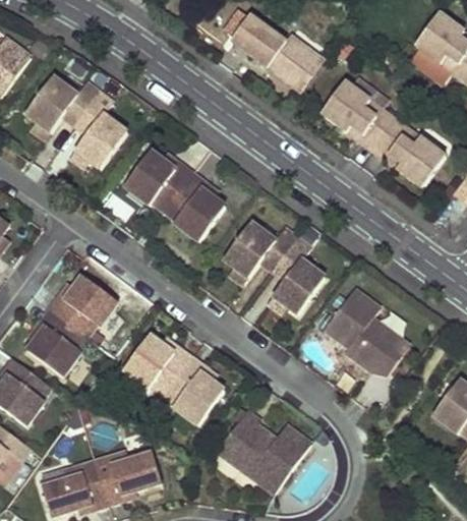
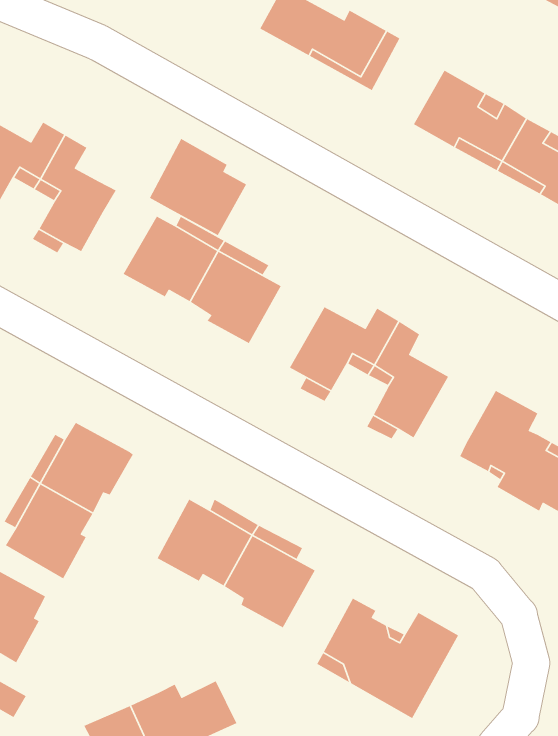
building: none -> [149,138,247,236]

